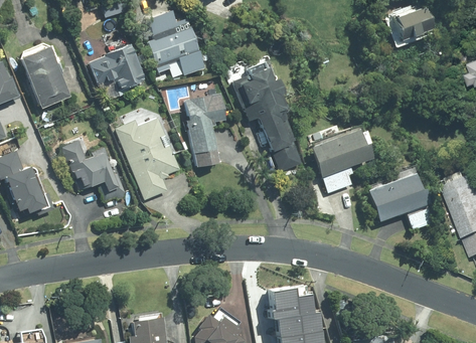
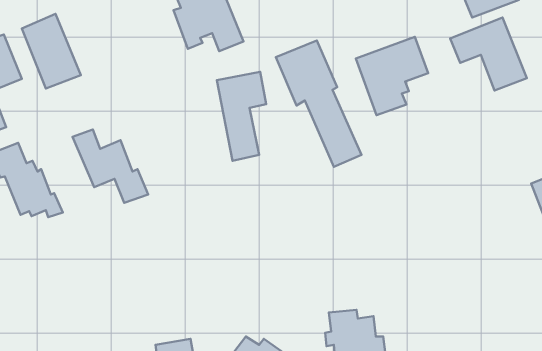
building: [89,44,143,91] -> none
building: none -> [450,18,527,91]
building: [114,119,179,200] -> none
building: [309,128,369,193] -> [356,37,428,115]
building: [365,172,435,229] -> none

